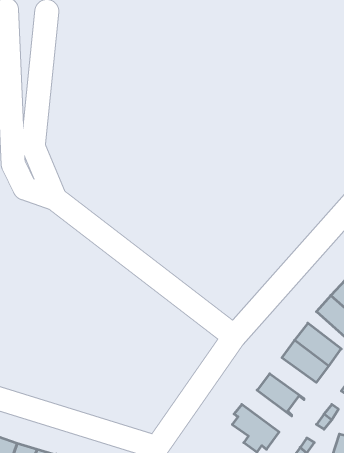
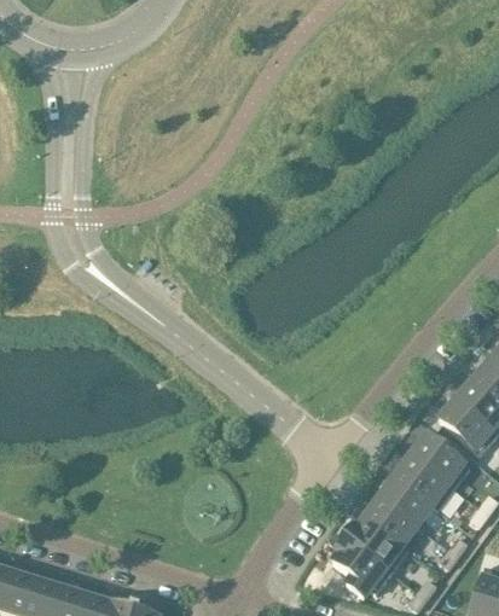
building: none -> [378,475,437,527]
building: none -> [343,516,406,569]

